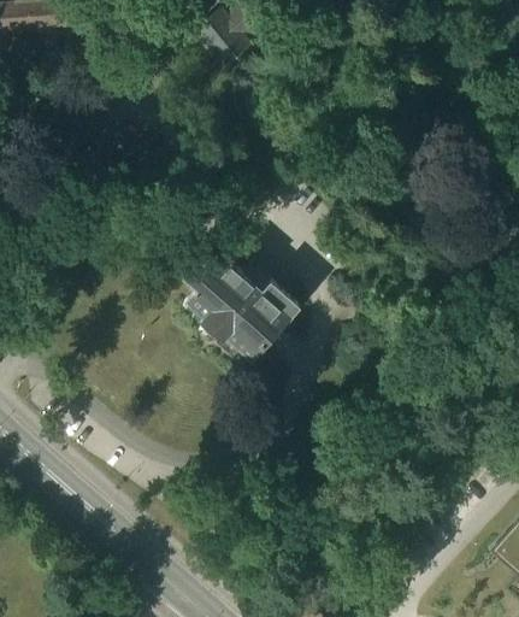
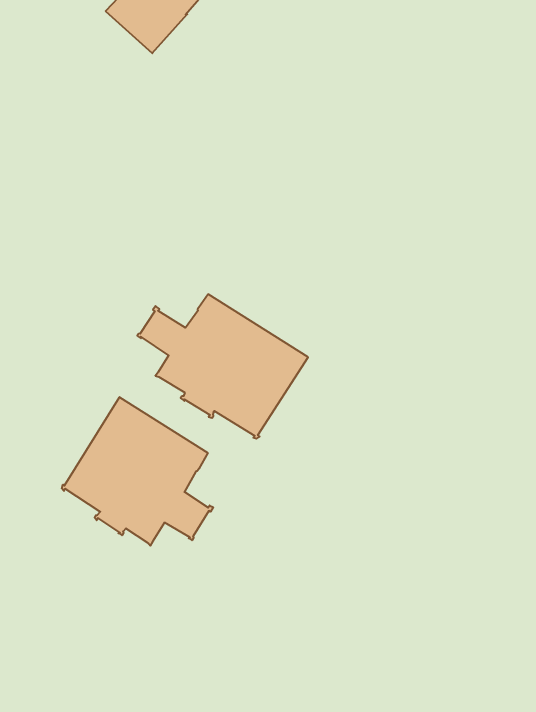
building: none -> [62,397,213,546]

